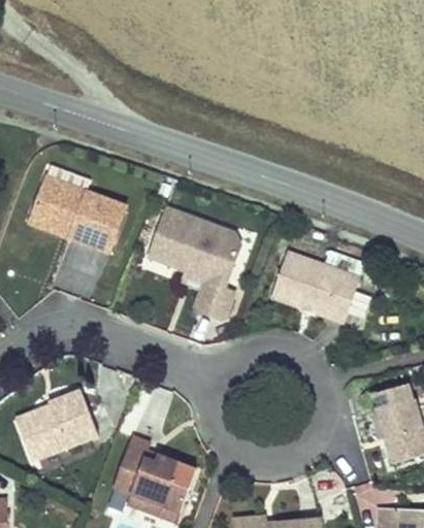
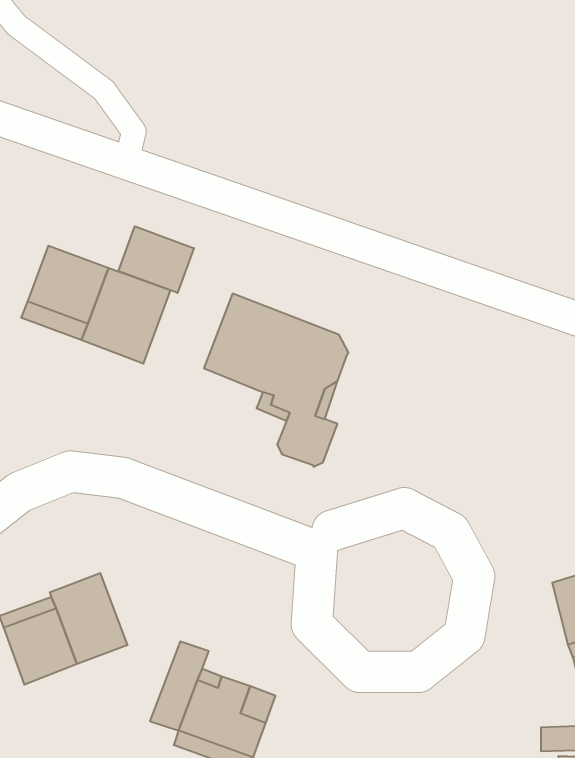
building: none -> [118,226,194,293]
building: [271,253,359,323] -> none

